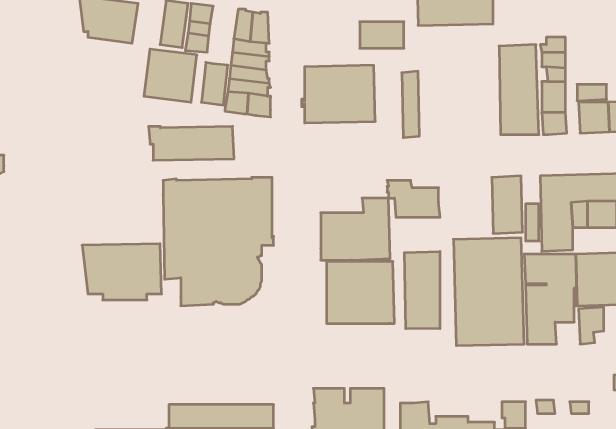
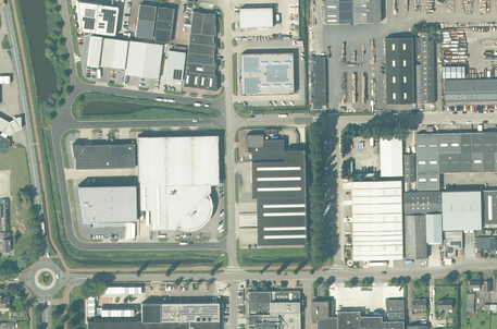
building: [360,22,404,48] -> [240,9,273,28]
building: none -> [87,36,127,69]
building: [149,126,234,160] -> [72,144,135,169]
building: [387,180,440,217] -> [246,134,285,161]
building: [404,251,440,329] -> none

